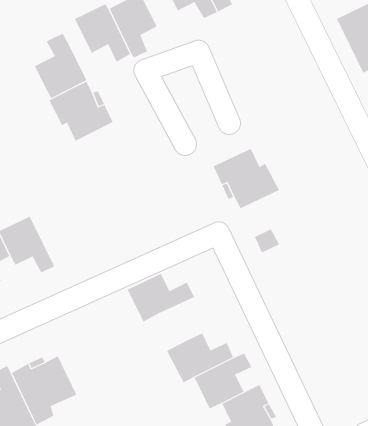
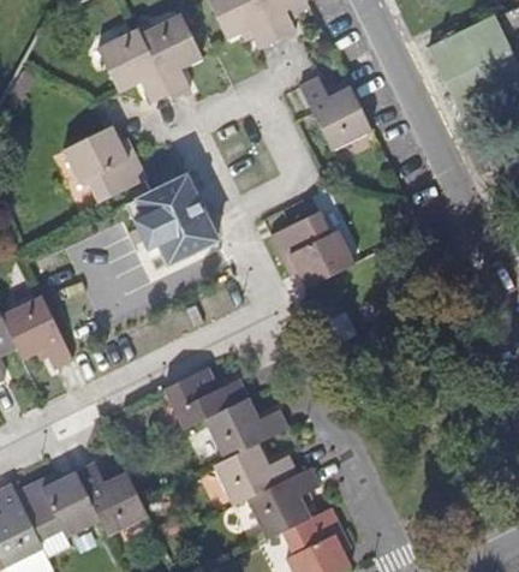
building: [34,33,87,99] -> none
building: none -> [299,77,371,149]
building: none -> [136,175,216,263]
building: none -> [203,398,288,459]
building: none -> [76,461,147,535]

